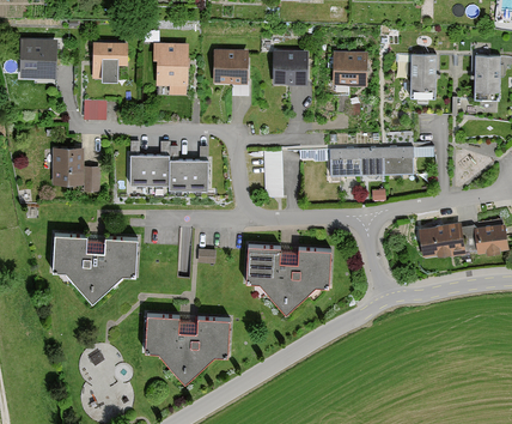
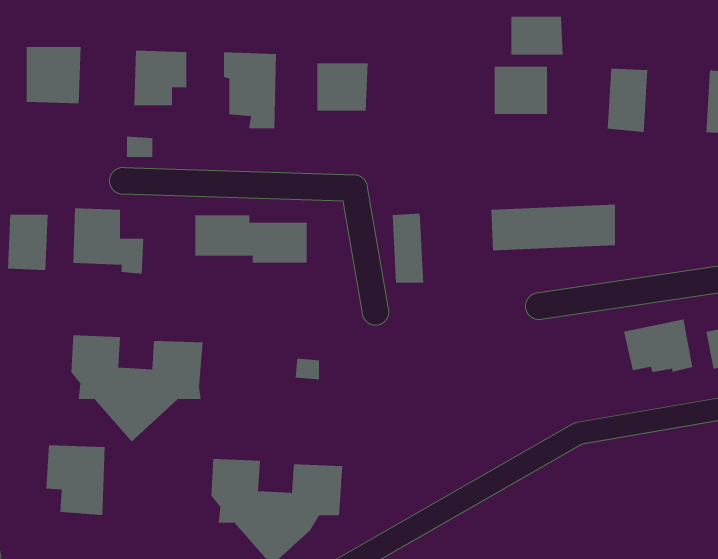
building: none -> [511,16,563,56]
building: [275,50,310,84] -> none
building: none -> [8,214,48,271]
building: [245,244,334,316] -> none
building: none -> [46,445,105,516]

